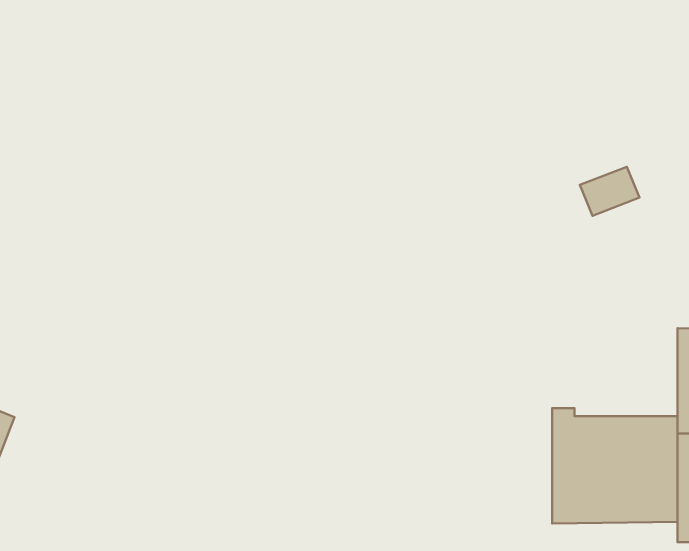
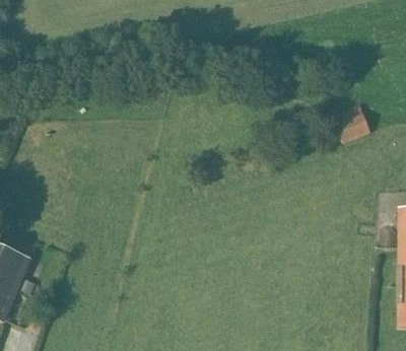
building: [552,408,678,524] -> none

